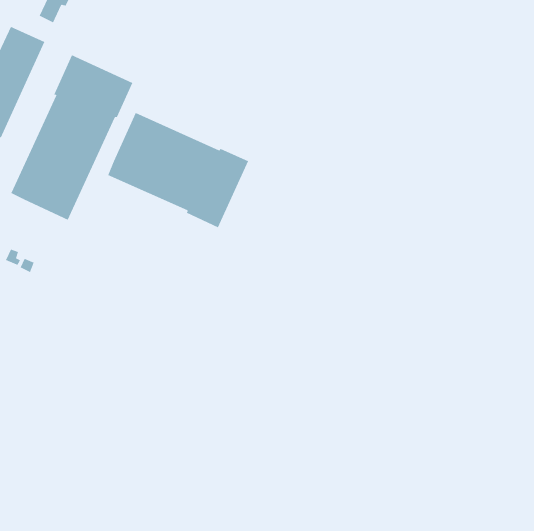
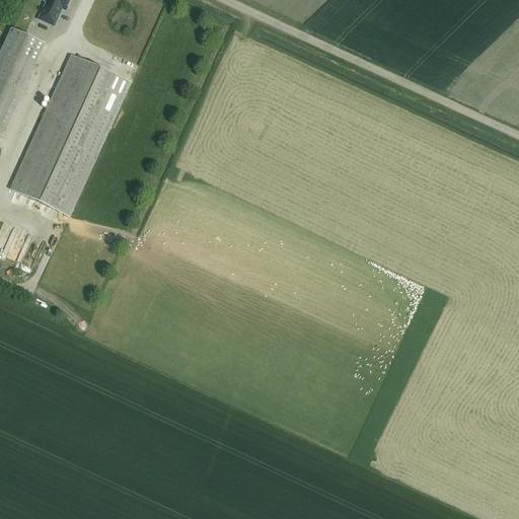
building: [107,112,249,228] -> none

